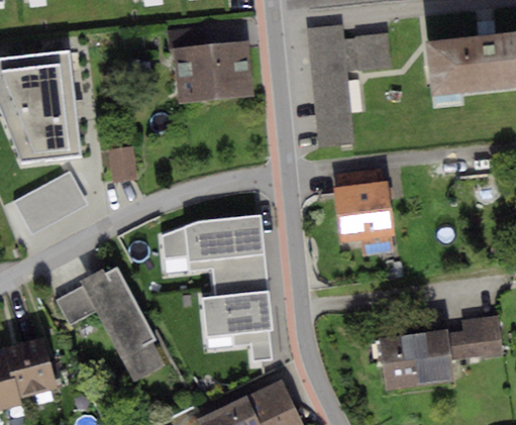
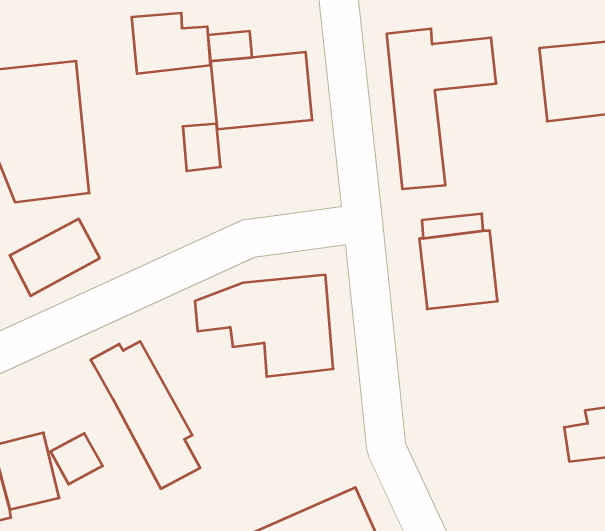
building: none -> [132,13,210,74]
building: [108,146,137,183] -> [183,124,221,171]
building: [56,286,96,325] -> [50,433,103,484]
building: [201,288,272,361] -> none
building: [378,330,451,390] -> none

